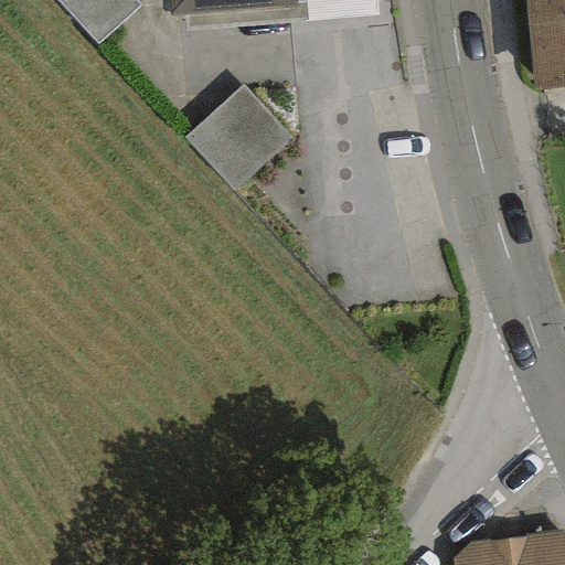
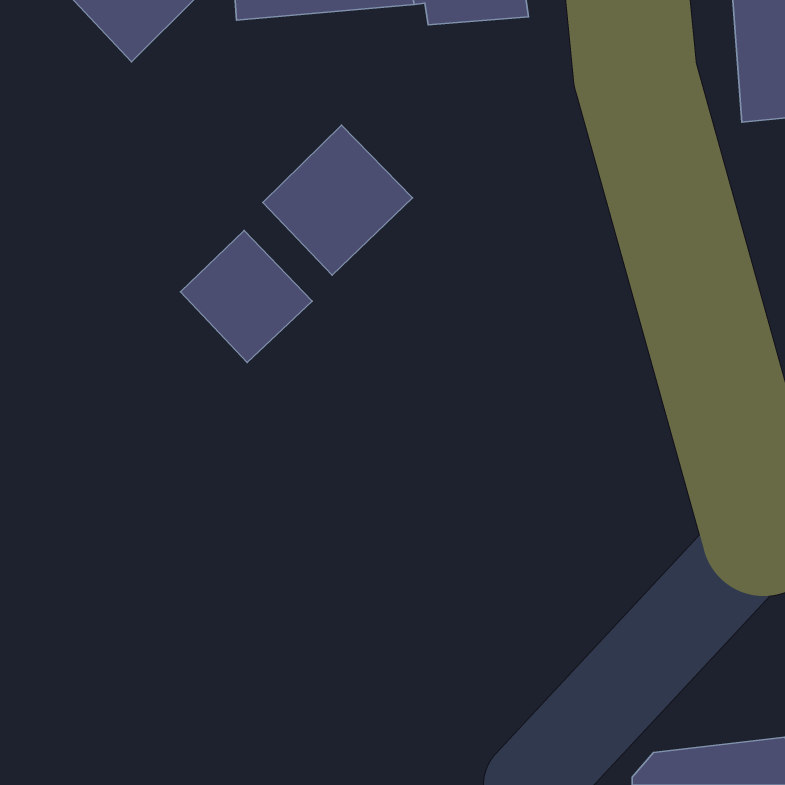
building: none -> [180,230,312,362]

